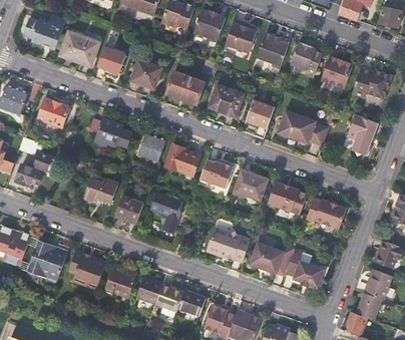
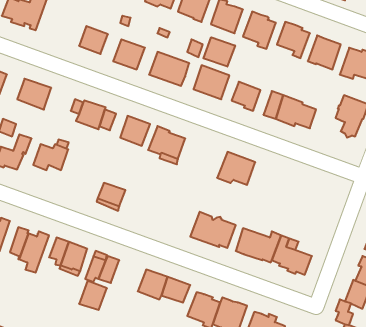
building: [60,31,98,65] -> none
building: none -> [203,37,235,67]
building: [196,159,234,191] -> none
building: [83,178,117,203] -> [33,144,68,170]
building: [267,181,307,221] -> none
building: [150,193,183,233] -> none
building: [306,198,346,229] -> none
building: [135,276,162,304] -> [79,281,107,310]

